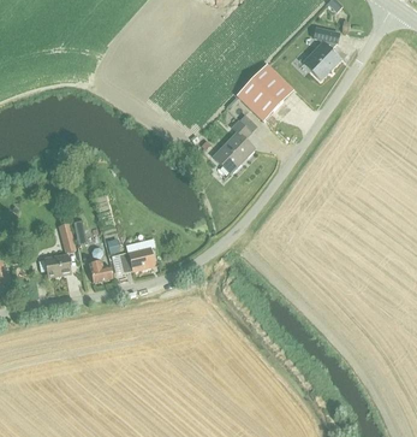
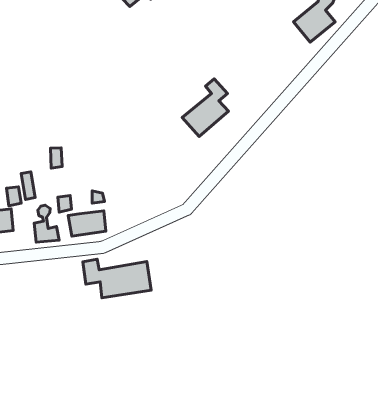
building: [238,63,294,119] -> none
building: none -> [83,259,151,298]

